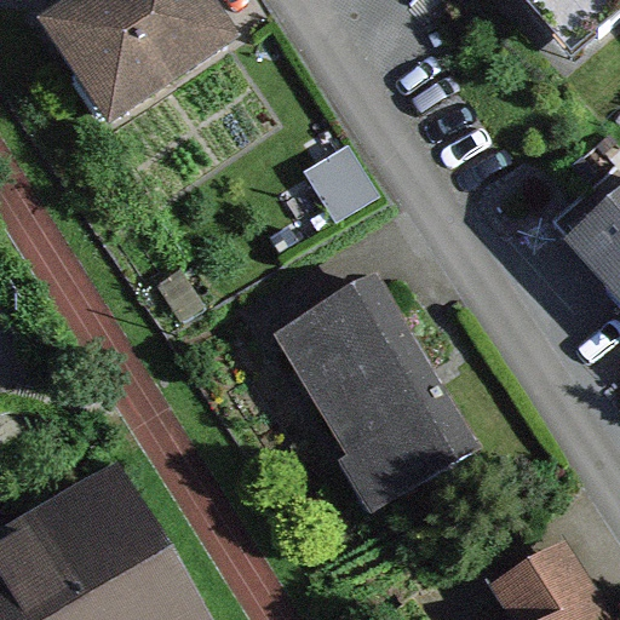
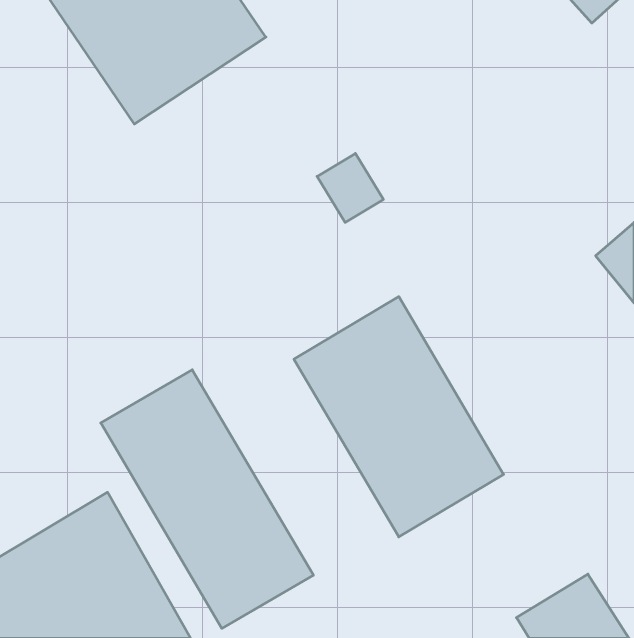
building: none -> [101,370,313,628]

